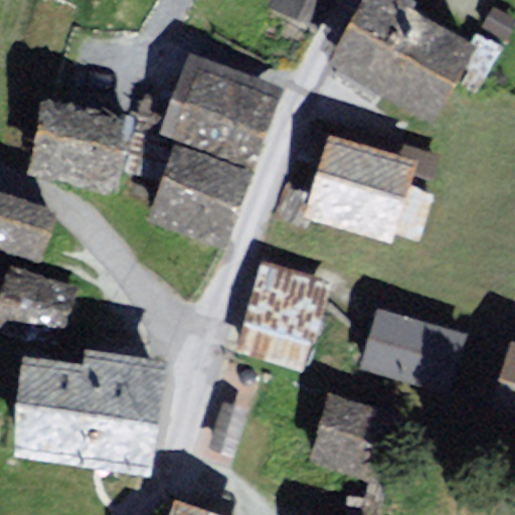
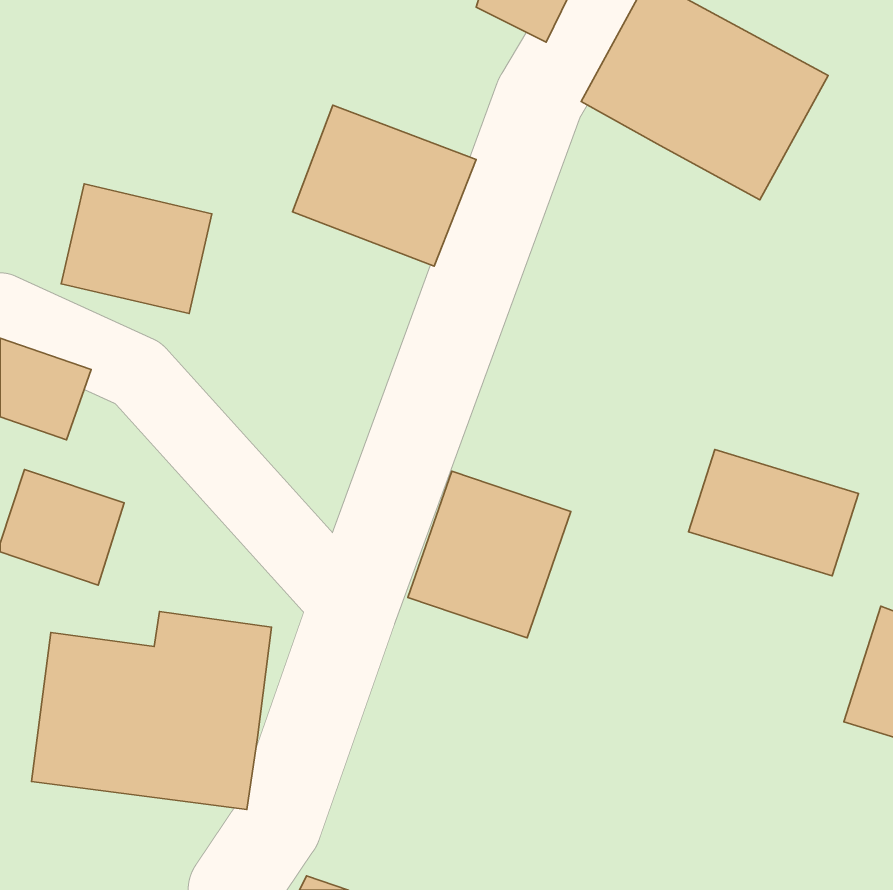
building: [310,141,408,232] -> none
building: [154,148,241,235] -> none
building: [364,312,462,384] -> [689,450,858,576]
building: [314,396,391,470] -> none

